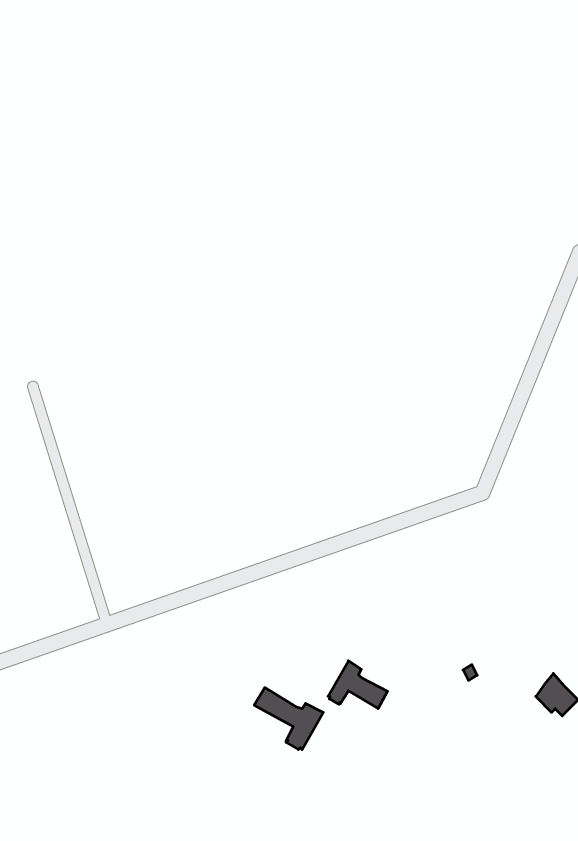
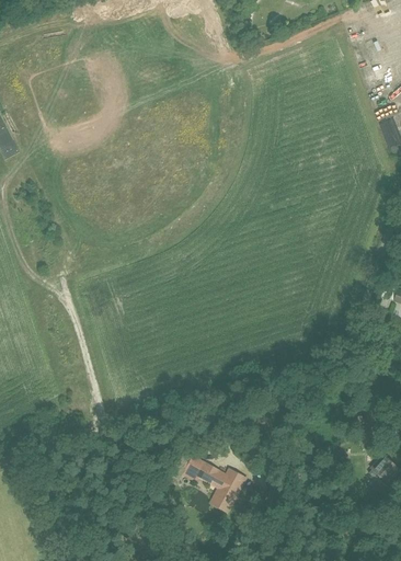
building: [328,661,388,709] -> none

